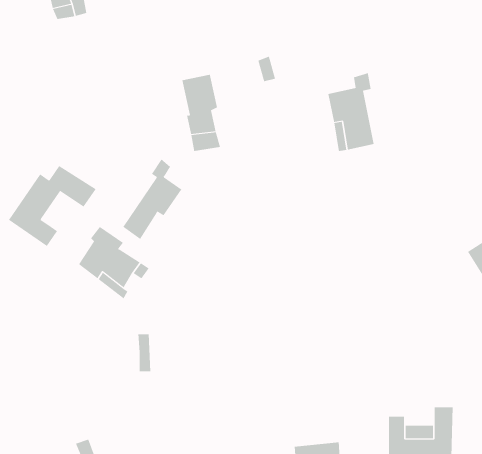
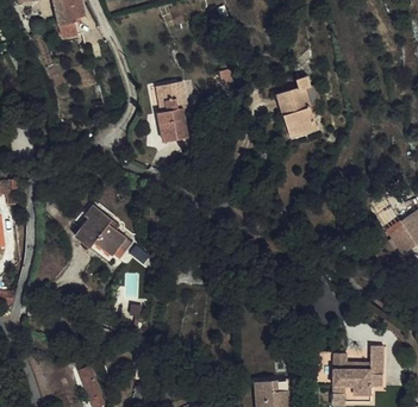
building: [122,158,182,240] -> none
building: [8,165,96,247] -> none

